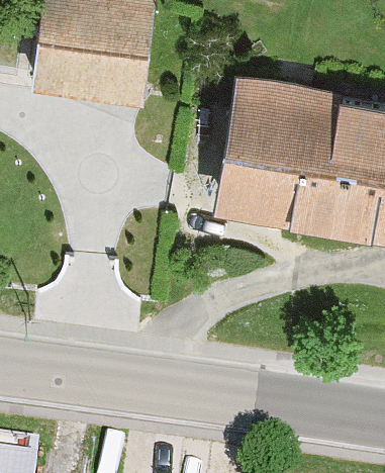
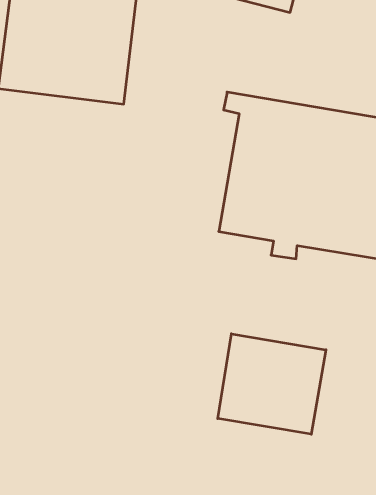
building: none -> [218,334,326,434]

